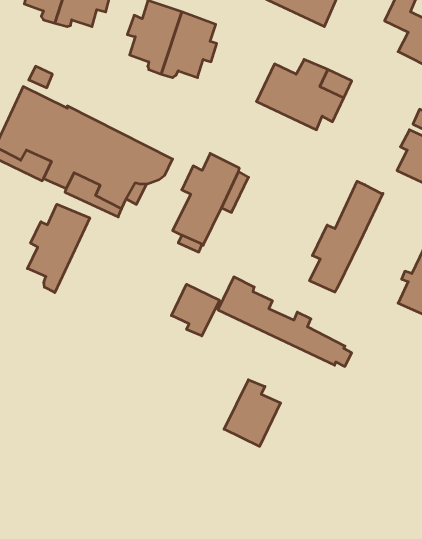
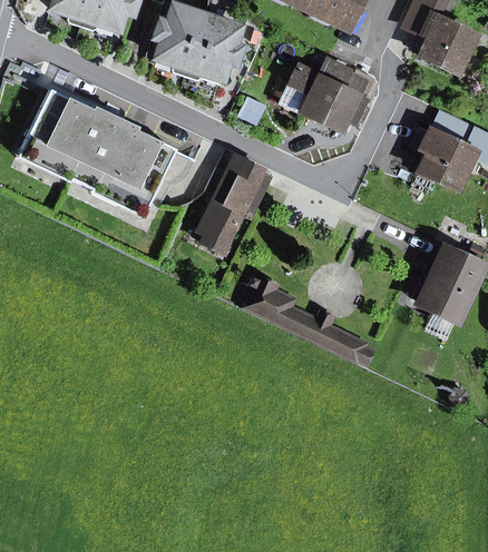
building: [310,181,383,292] -> none
building: [27,204,90,293] -> none
building: [171,284,219,336] -> none
building: [224,380,281,446] -> none

